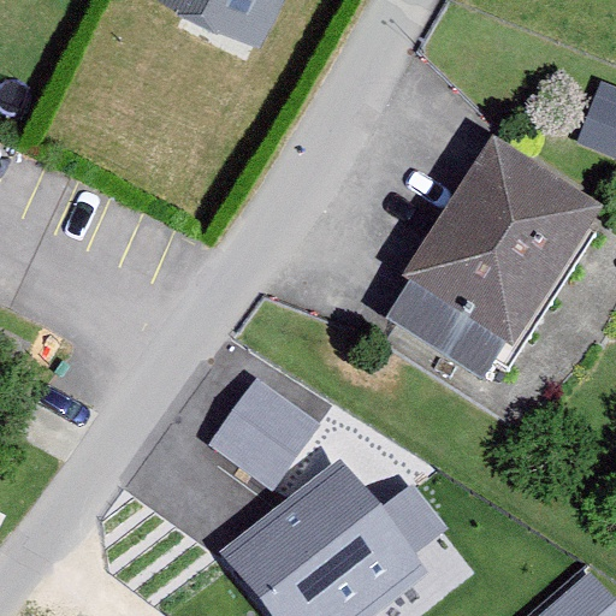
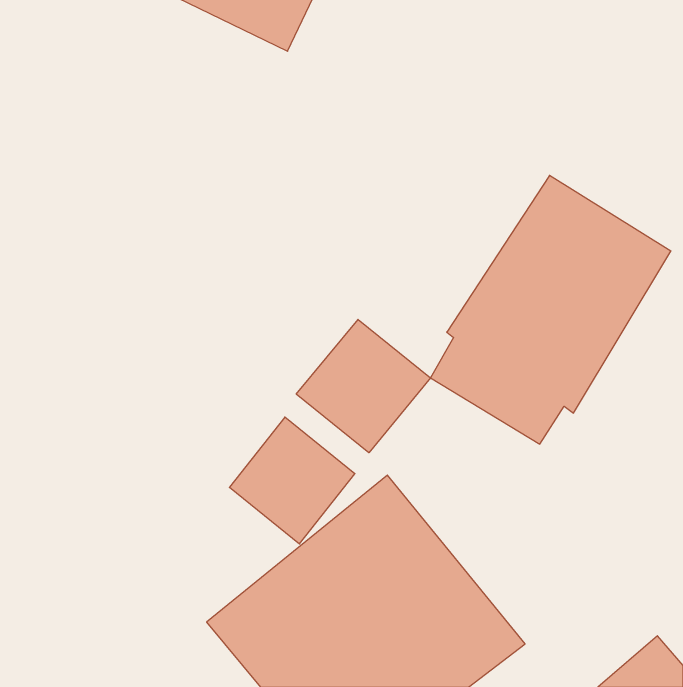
building: none -> [296,319,431,453]

